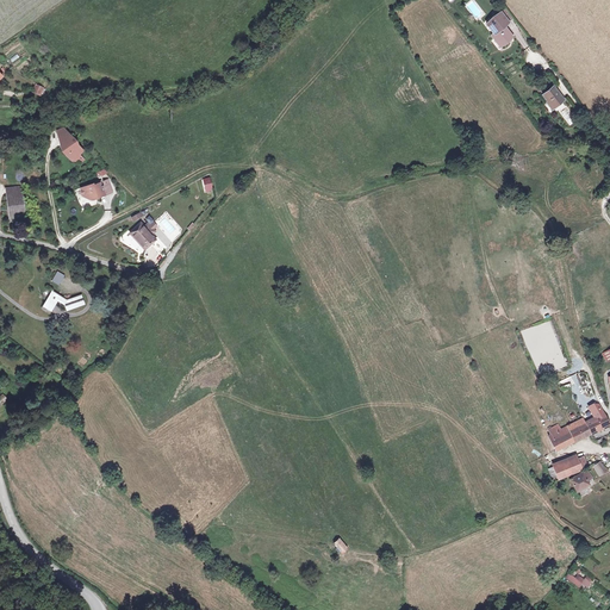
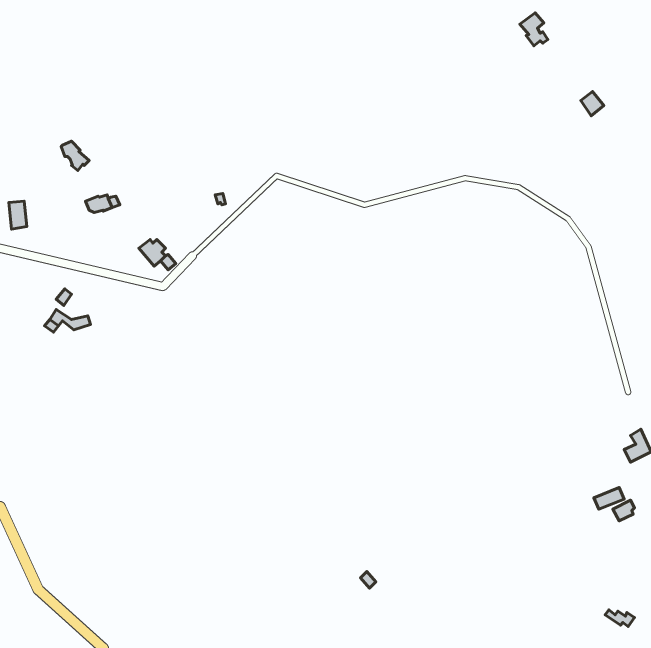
building: [549,417,590,449] -> none

